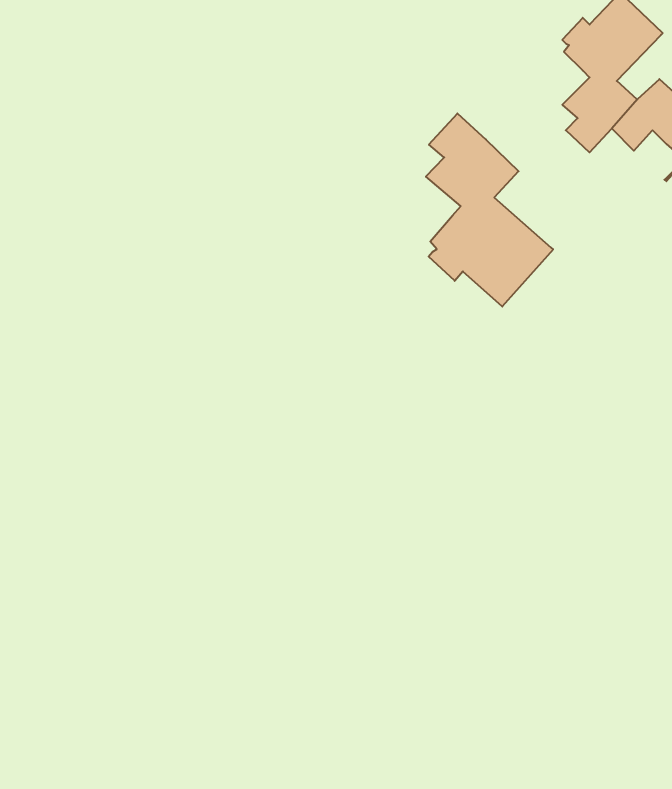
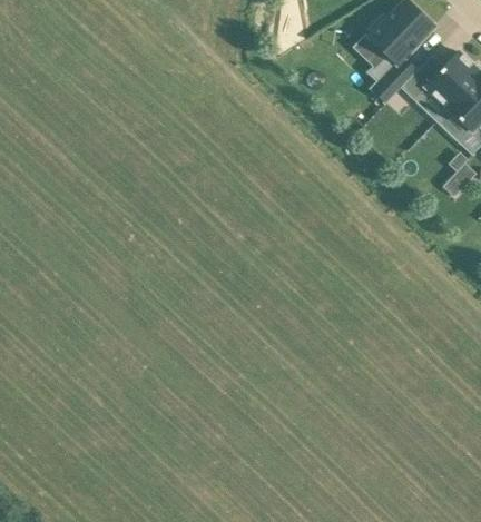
building: [426,113,553,307] -> none

